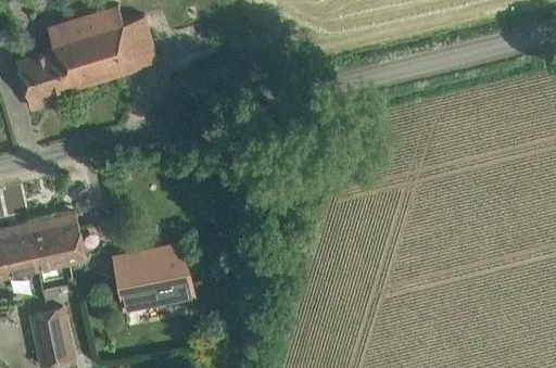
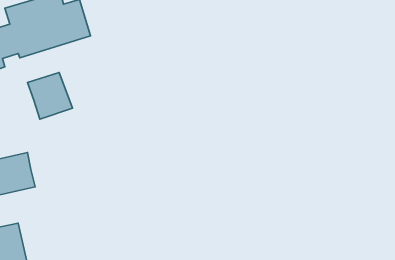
building: none -> [28,72,73,119]
building: [114,249,192,309] -> none

